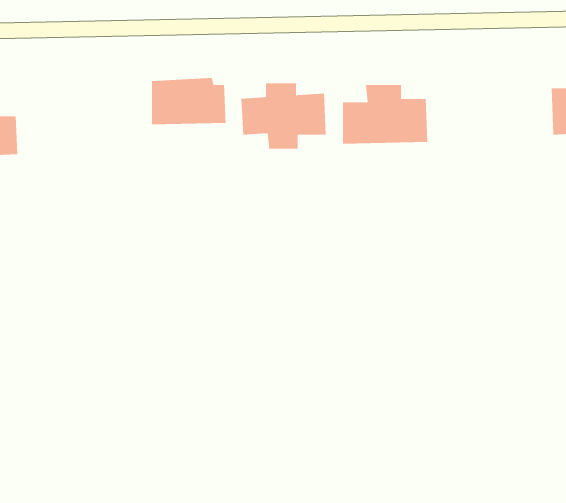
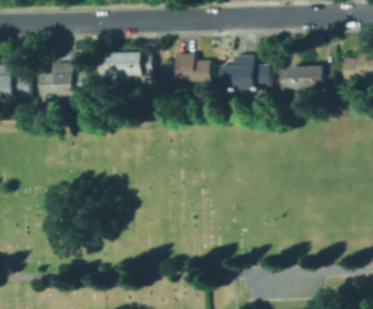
building: none -> [33,62,85,97]
building: none -> [276,65,331,92]

